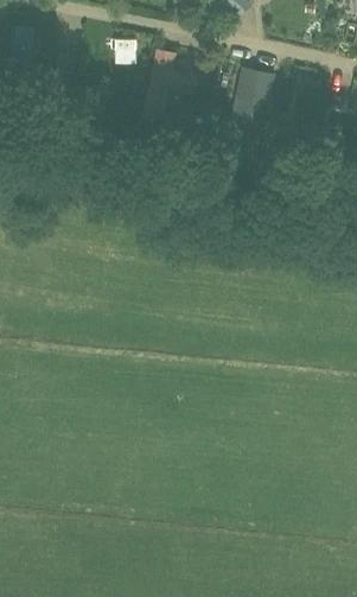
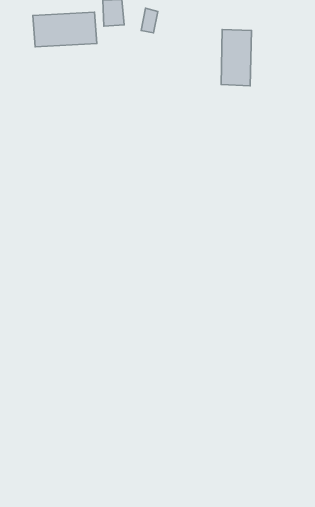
building: none -> [33,12,97,47]

